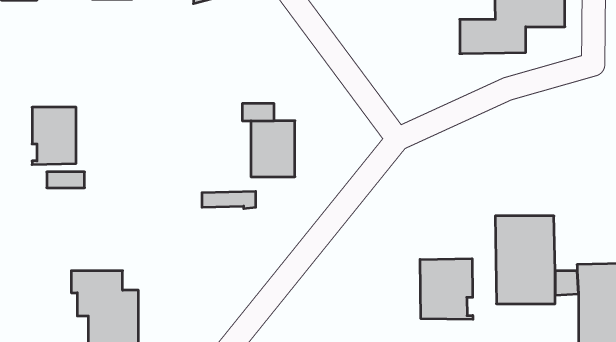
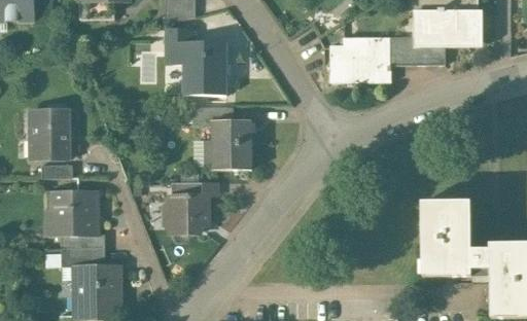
building: none -> [165,27,224,94]
building: none -> [329,36,391,82]
building: none -> [51,190,105,248]
building: none -> [170,193,207,234]
building: [420,259,473,319] -> none

